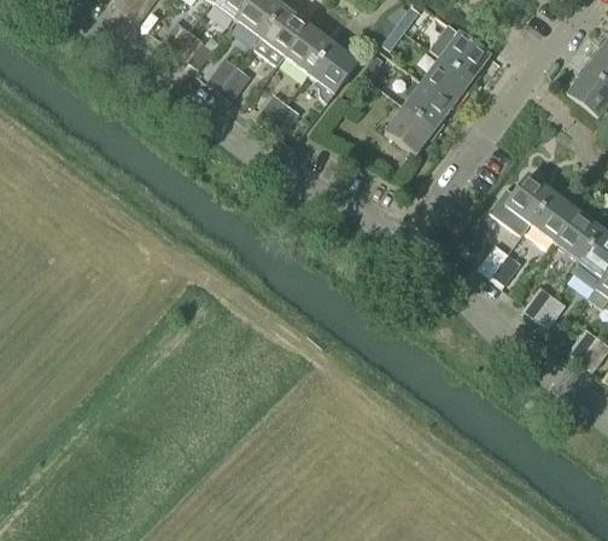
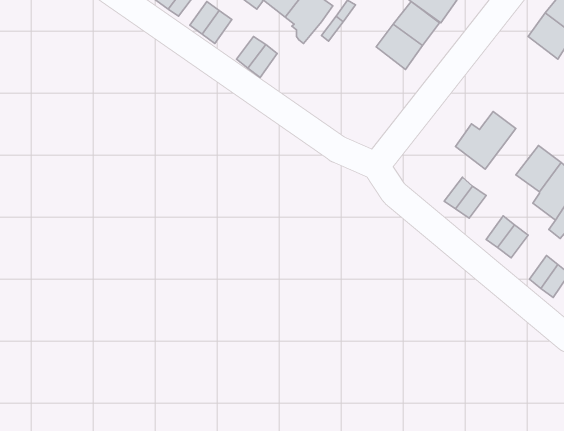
building: [385,104,435,153] -> none
building: [520,191,577,240] -> none

